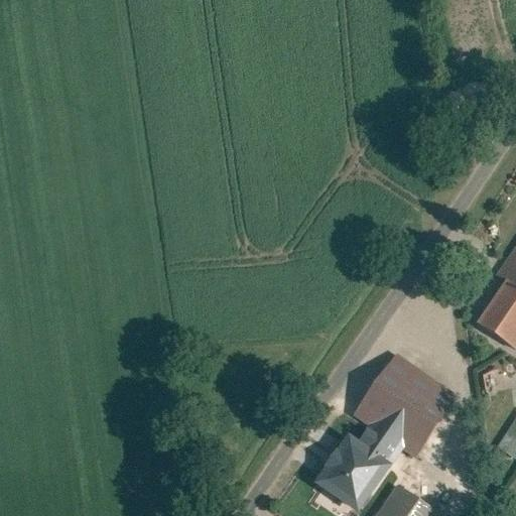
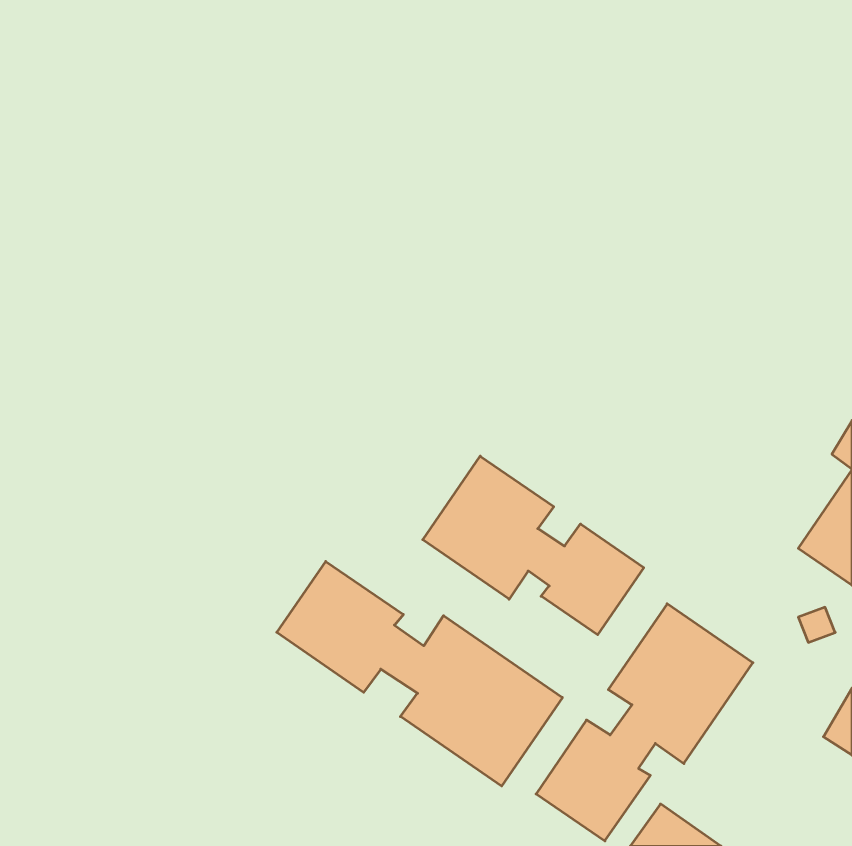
building: none -> [423,456,644,635]
building: none -> [277,561,562,786]

